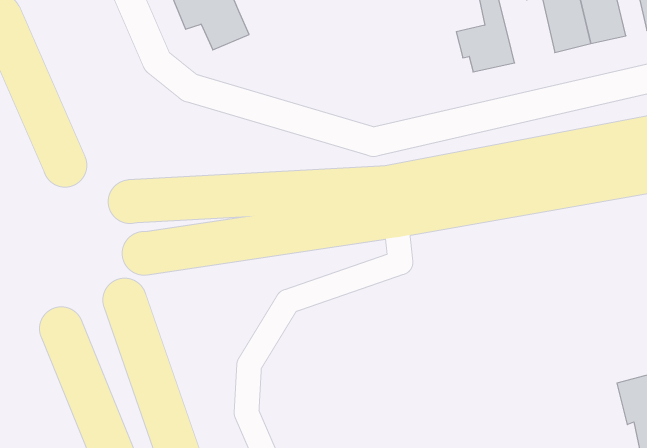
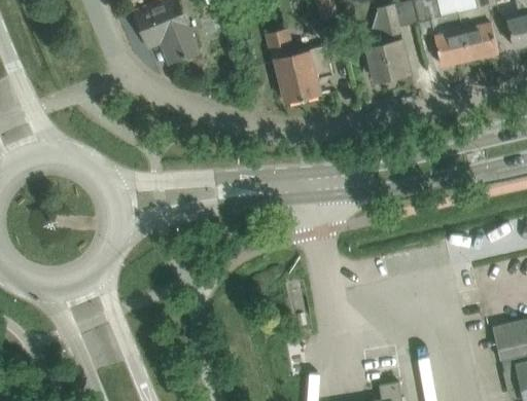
building: none -> [267,29,332,103]

